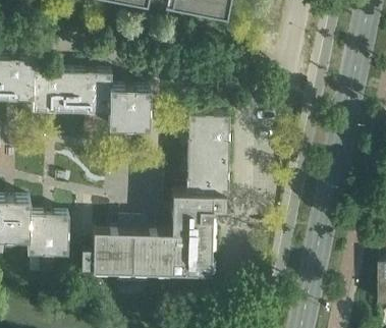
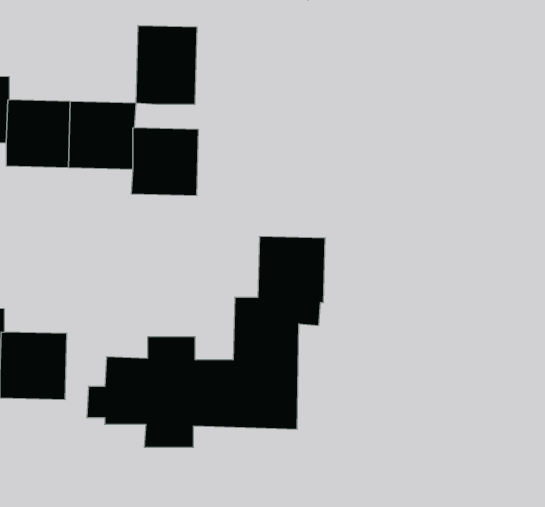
building: none -> [136,25,197,105]
building: [188,116,230,157] -> none

